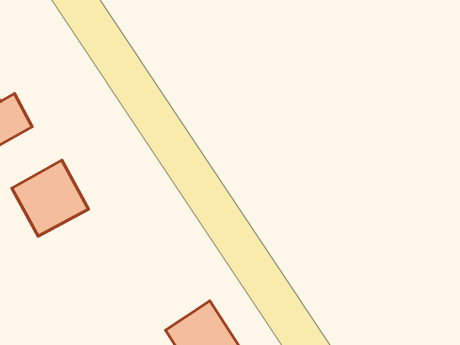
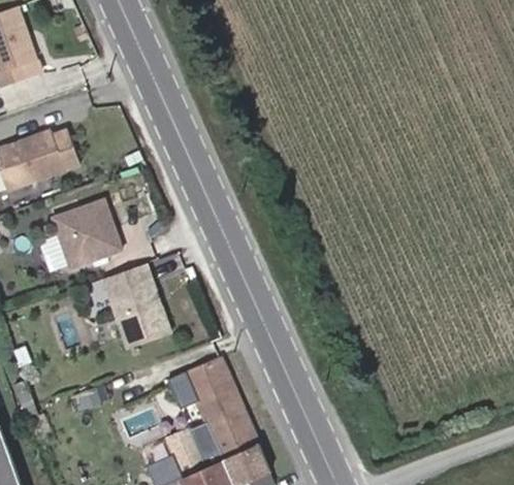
building: none -> [102,264,169,349]

